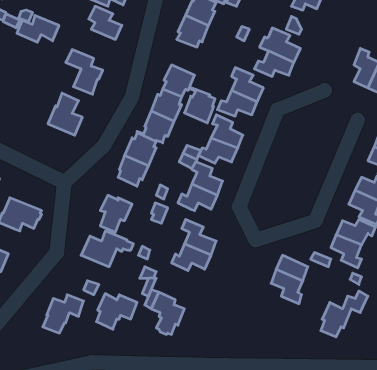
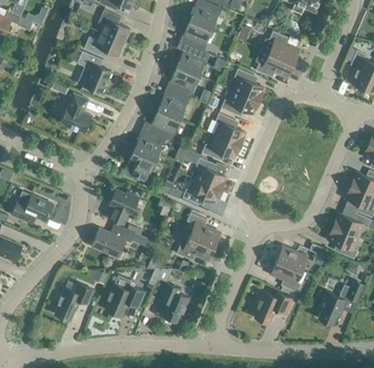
building: [17,15,59,42] -> [84,31,123,57]
building: [184,87,215,123] -> [177,41,206,75]
building: none -> [254,291,292,322]

